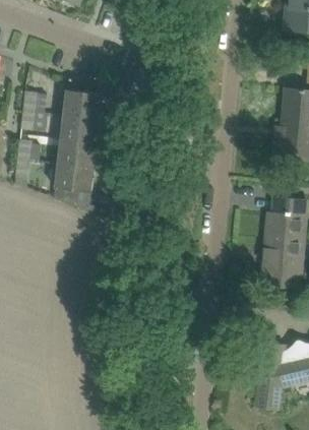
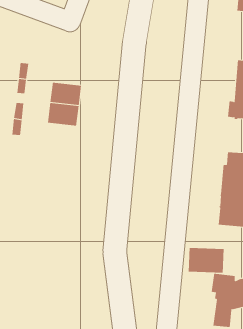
building: [64,89,103,118] -> none
building: [54,163,94,206] -> none
building: none -> [188,247,224,274]

